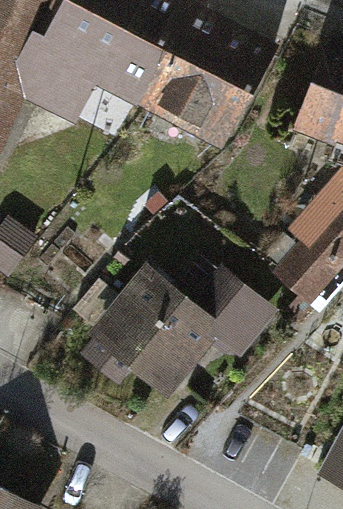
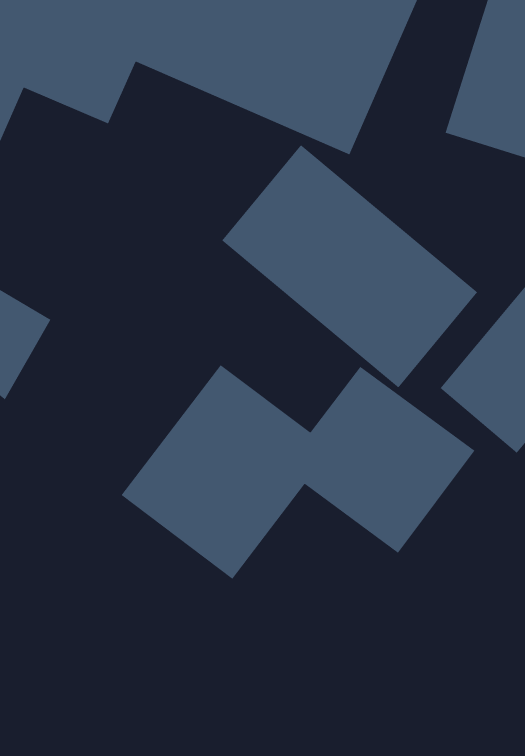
building: none -> [221,144,478,389]

